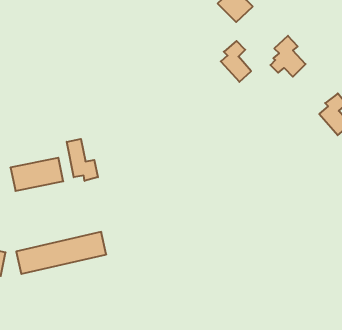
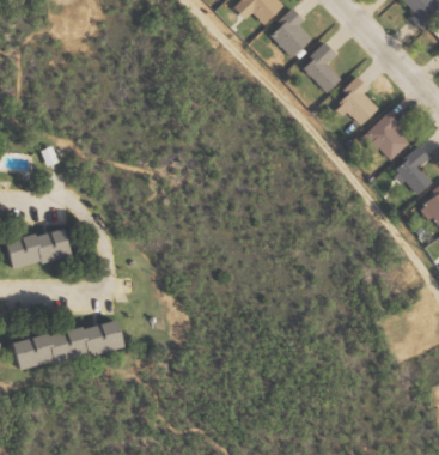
building: [221,41,251,82] -> [303,44,340,95]
building: none -> [358,113,414,163]
building: [67,139,98,181] -> none

